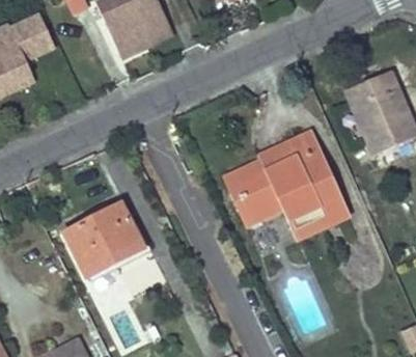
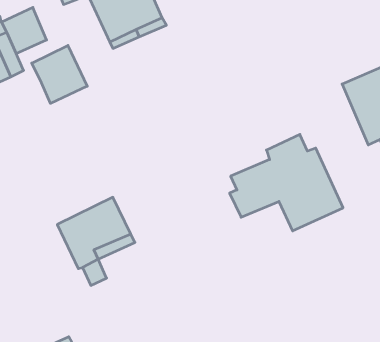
building: none -> [32,45,87,103]
building: [225,132,321,200] -> none

